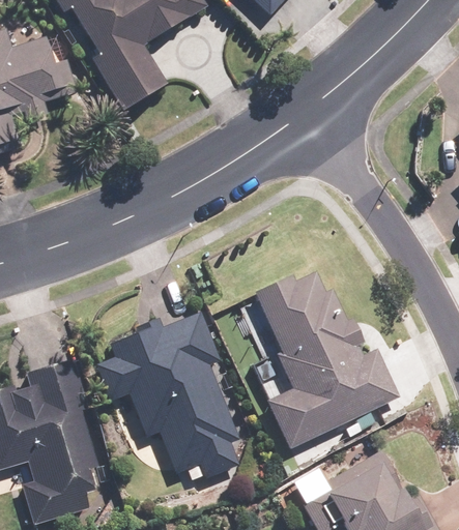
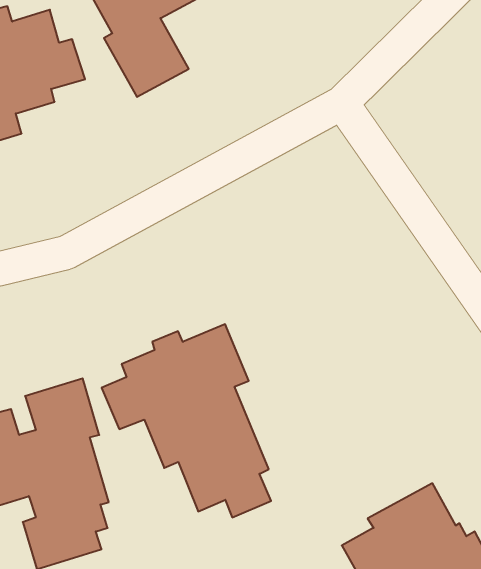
building: [254,270,400,448] -> none

